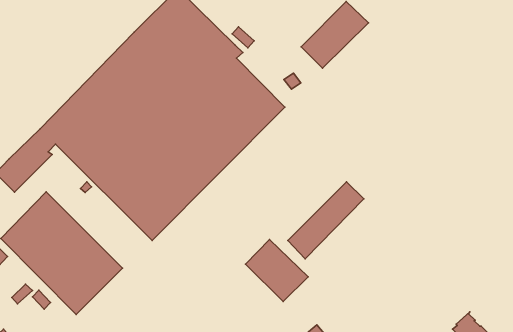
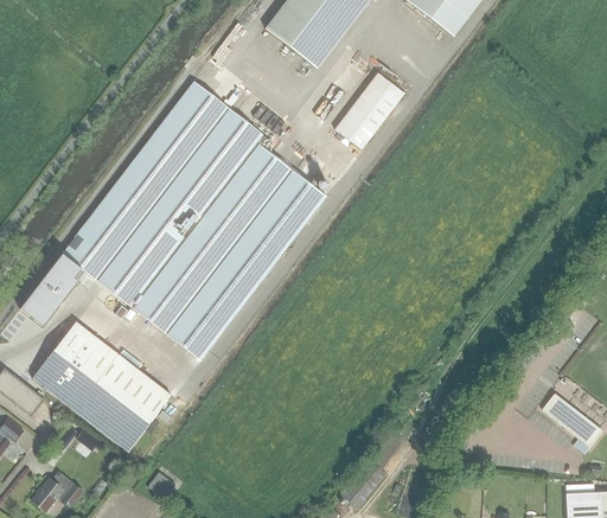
building: [288,182,364,259] -> none
building: [245,240,308,302] -> none

